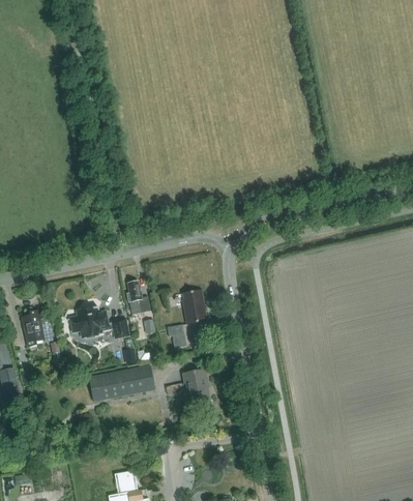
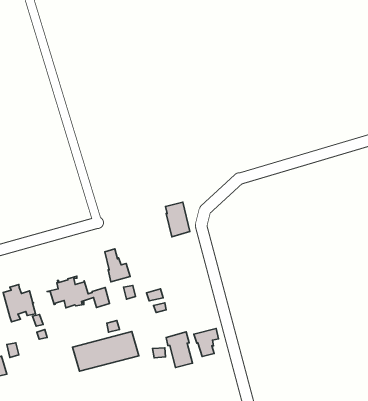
building: [182,289,205,323] -> [166,202,190,237]
building: none -> [194,328,218,356]

